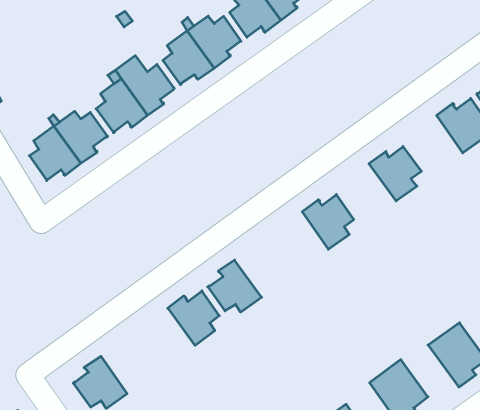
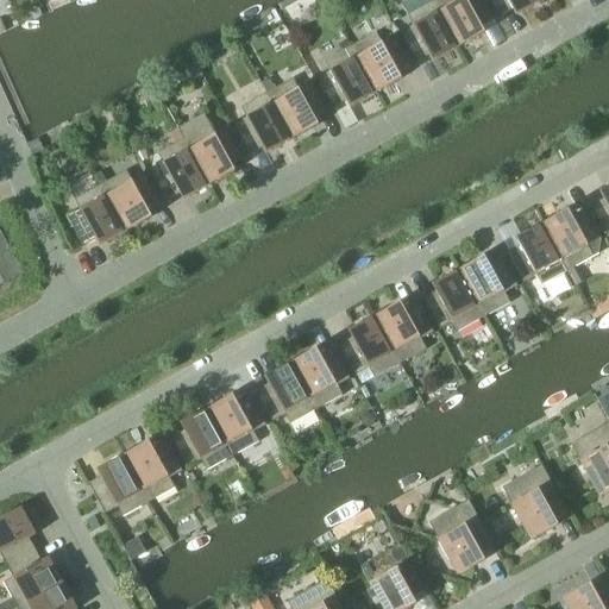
building: none -> [507,222,567,283]
building: none -> [423,269,484,329]
building: none -> [339,315,400,376]
building: none -> [290,346,350,408]
building: none -> [172,408,233,469]
building: none -> [124,439,182,501]

